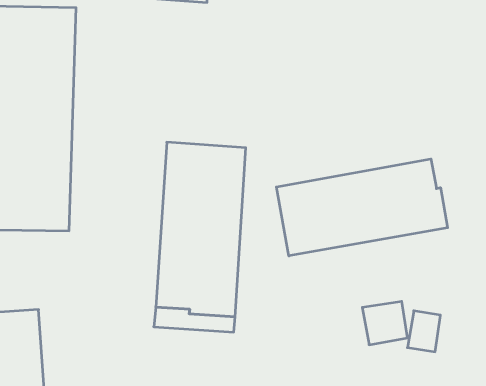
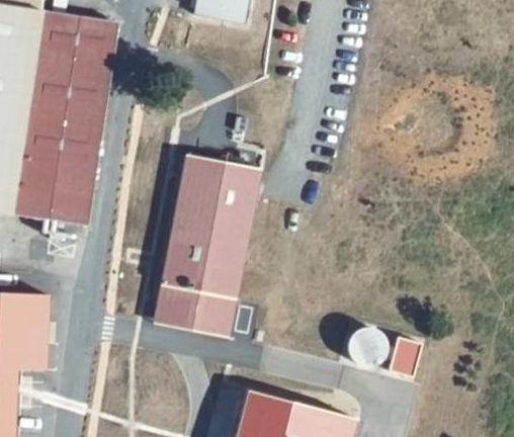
building: [276,159,448,256] -> none

